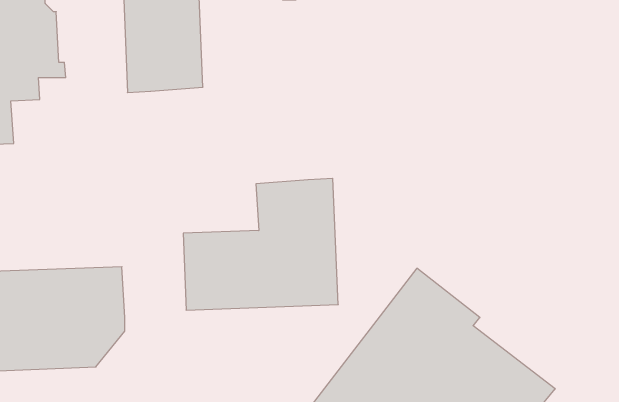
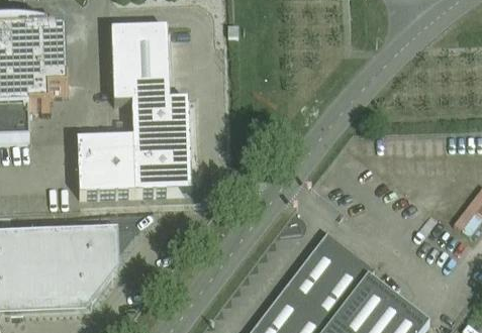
building: [183,178,338,310] -> [77,97,191,194]

